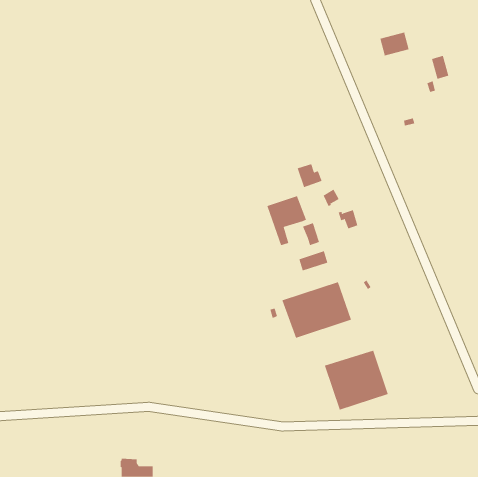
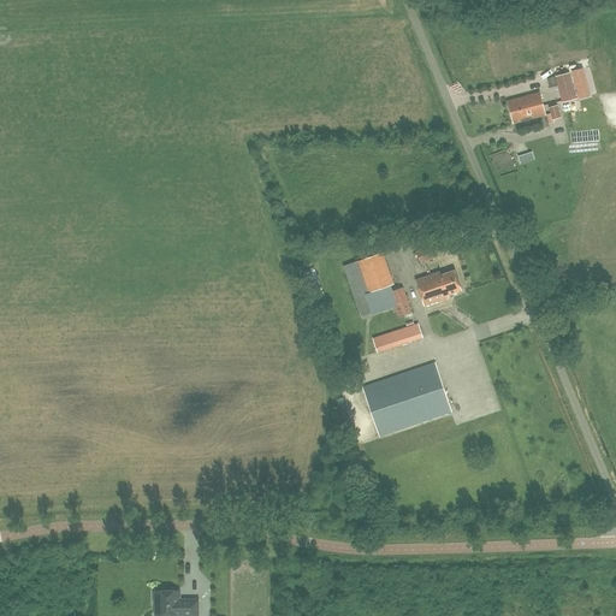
building: [380,32,409,56] -> [508,91,546,123]
building: [297,163,322,188] -> [415,273,448,304]
building: [324,350,388,411] -> none

